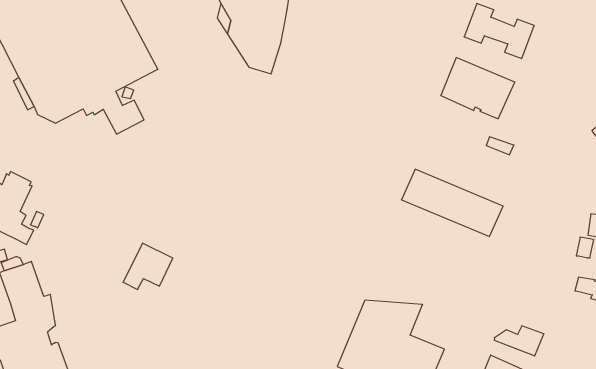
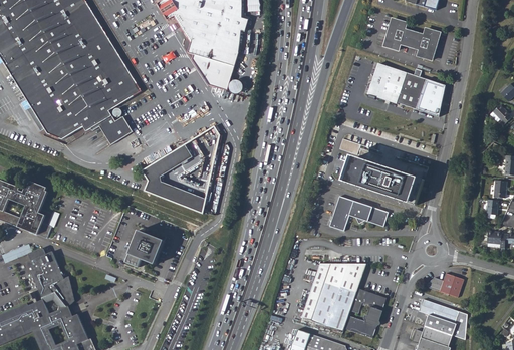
building: none -> [415,79,445,117]
building: none -> [141,126,219,213]
building: none -> [329,196,388,231]

